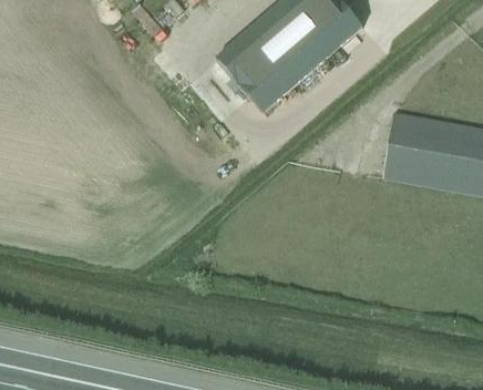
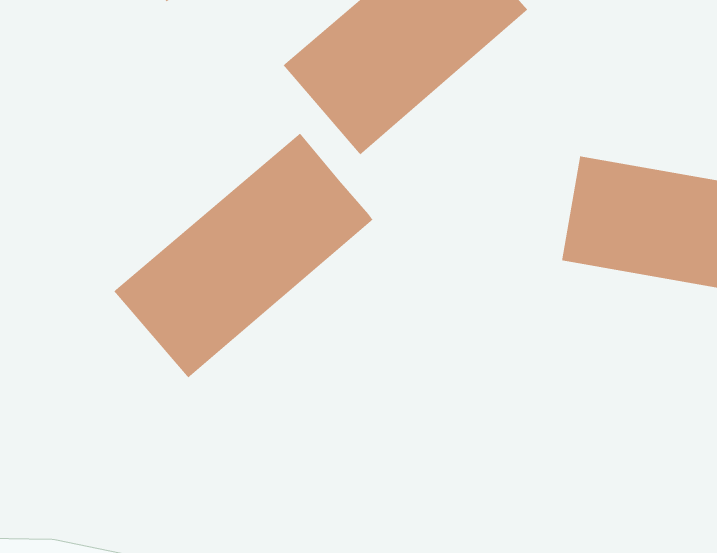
building: none -> [113,132,374,379]

